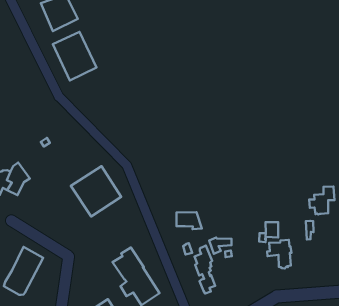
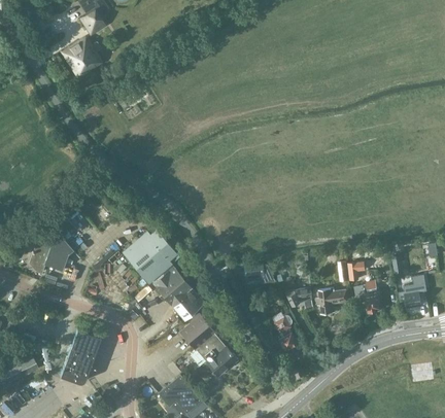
building: [53,32,96,80] -> none
building: [309,186,334,214] -> [398,275,426,309]
building: none -> [151,266,204,320]
building: none -> [314,288,347,315]

